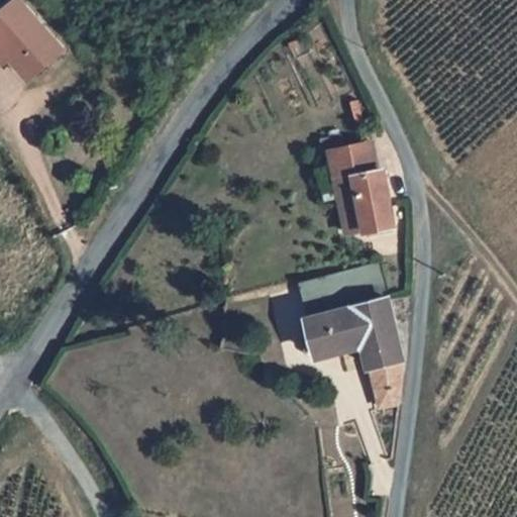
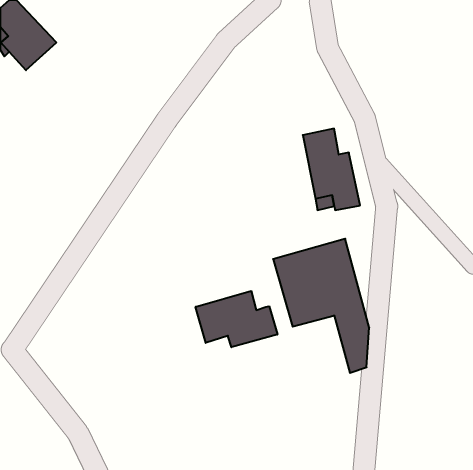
building: none -> [196,291,277,347]

